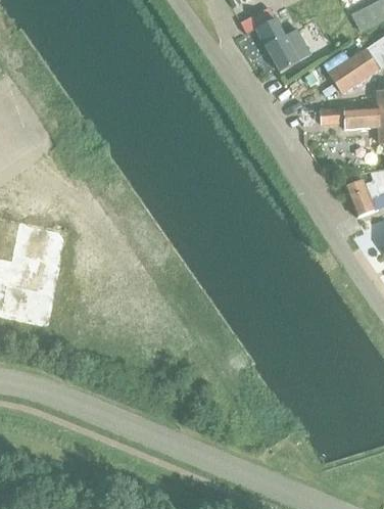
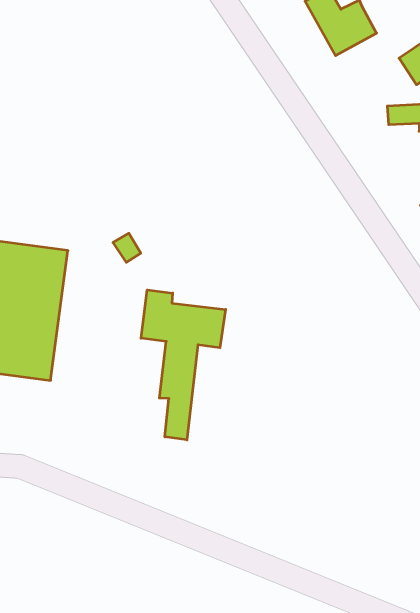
building: none -> [141,290,226,440]

